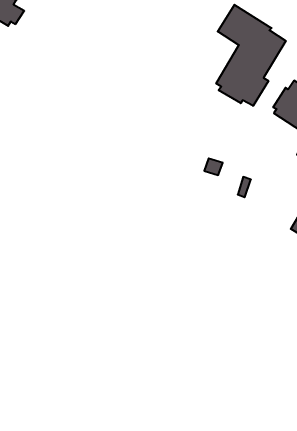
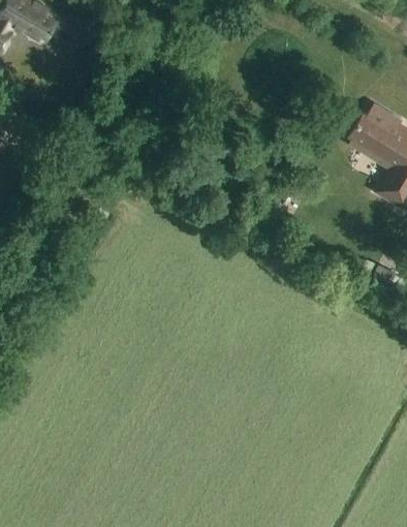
building: [216,5,286,106] -> none

